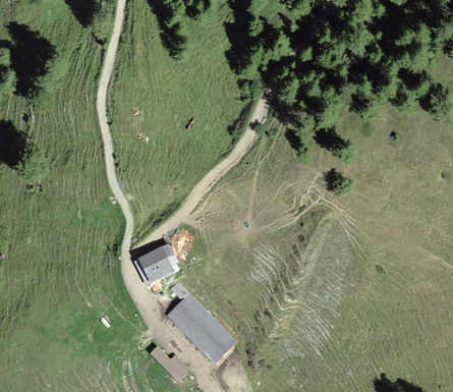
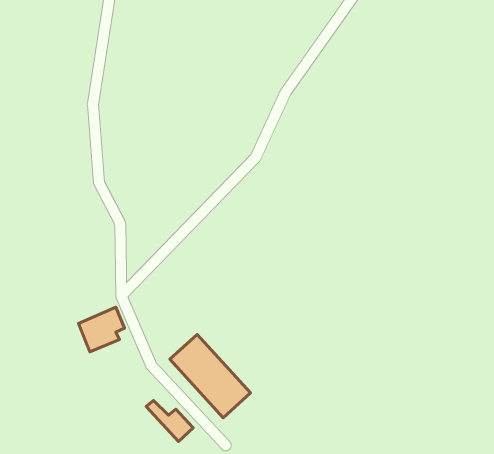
building: [137,244,175,281] -> [79,307,125,352]

